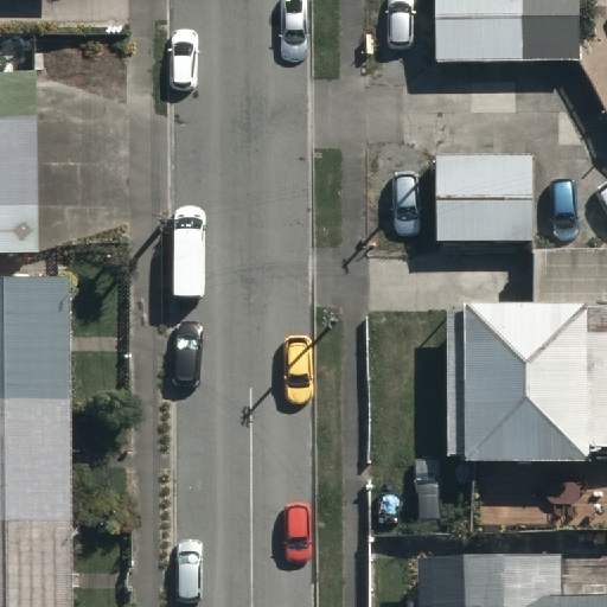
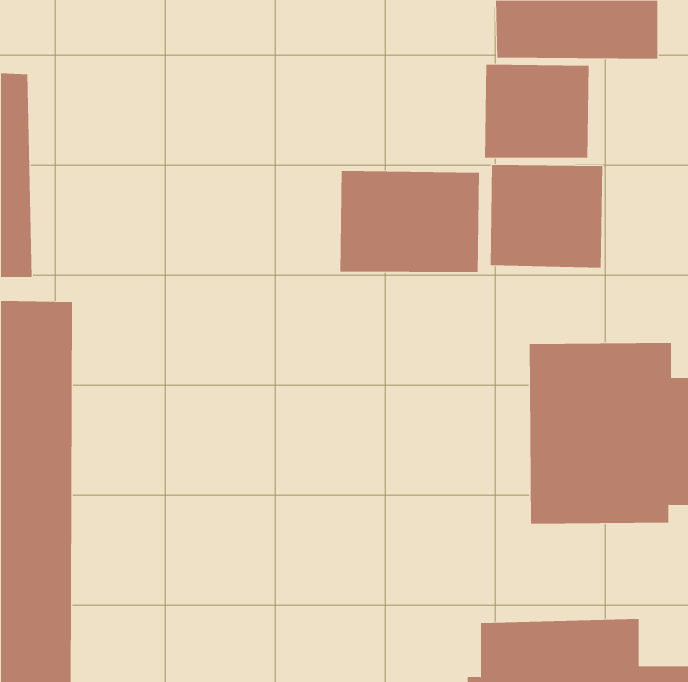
building: none -> [485,64,589,159]
building: none -> [340,170,480,273]

